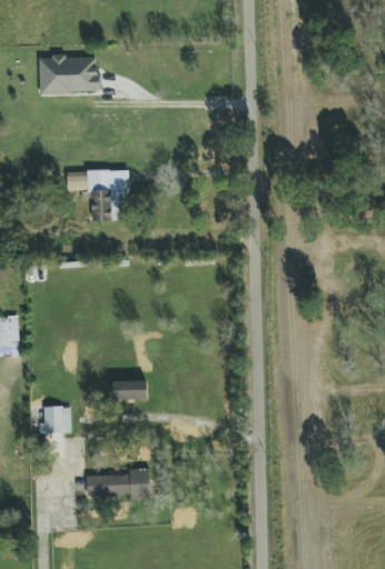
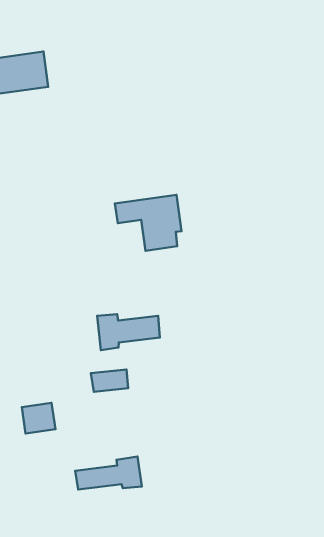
building: [66,169,129,221] -> [115,195,181,251]
building: none -> [97,314,160,350]

